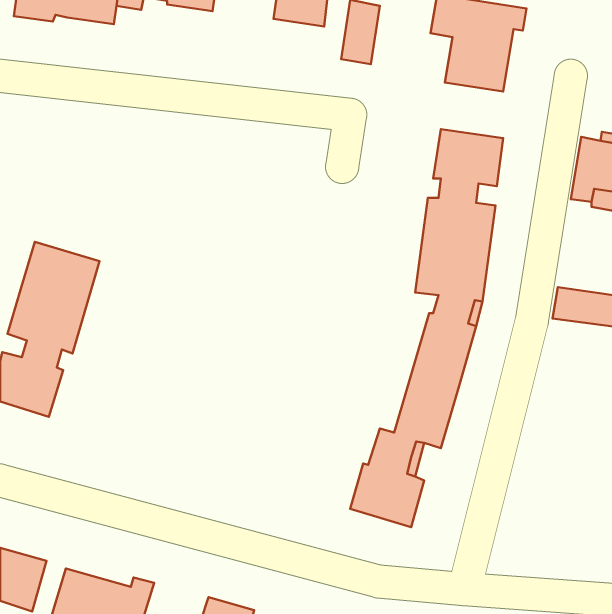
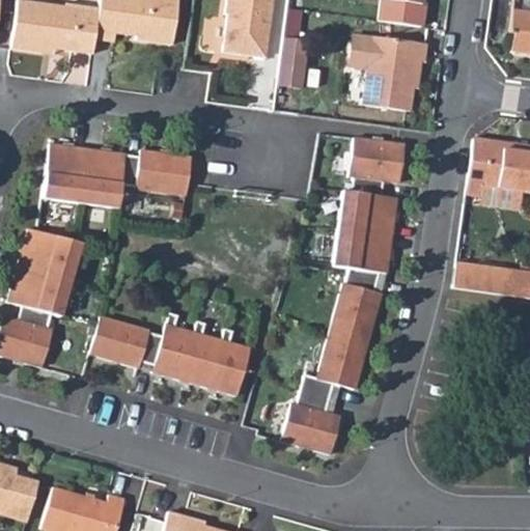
building: none -> [43,144,192,208]
building: none -> [92,314,251,397]

